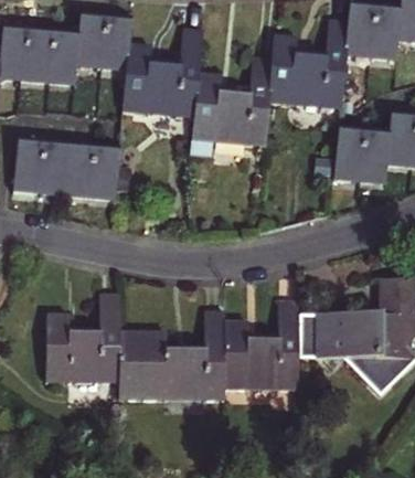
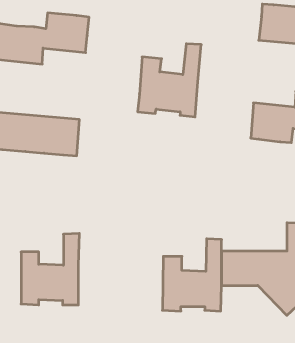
building: [268,20,348,109] -> none
building: [124,29,203,118] -> none
building: [119,310,225,399] -> none

